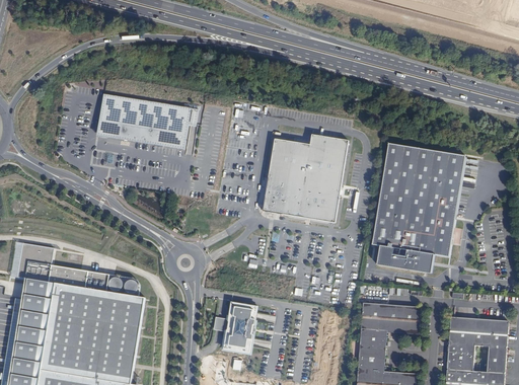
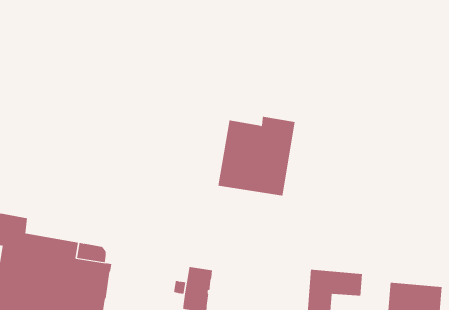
building: [97,92,199,148] -> none
building: [371,142,464,273] -> none

